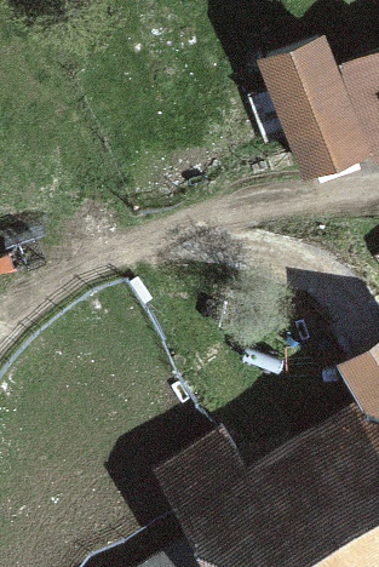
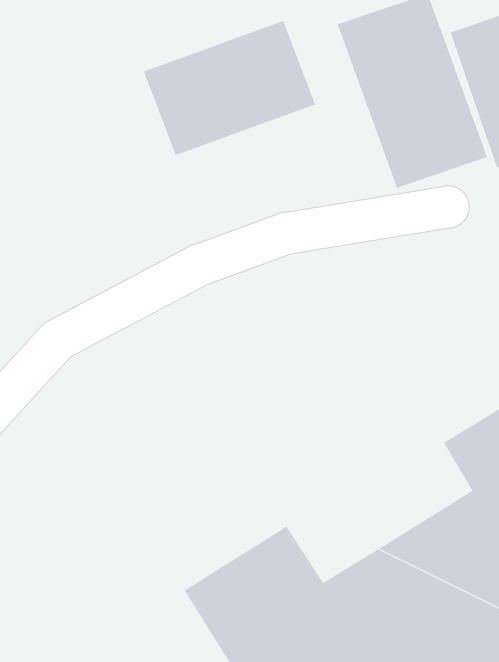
building: none -> [143,20,316,156]

